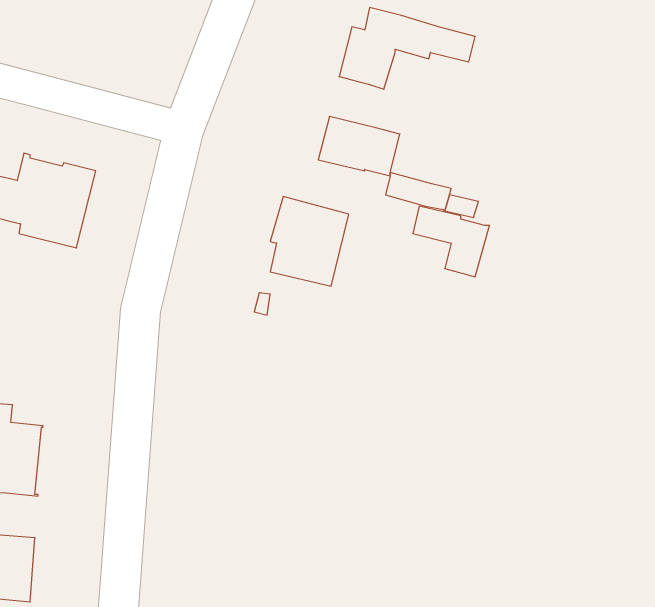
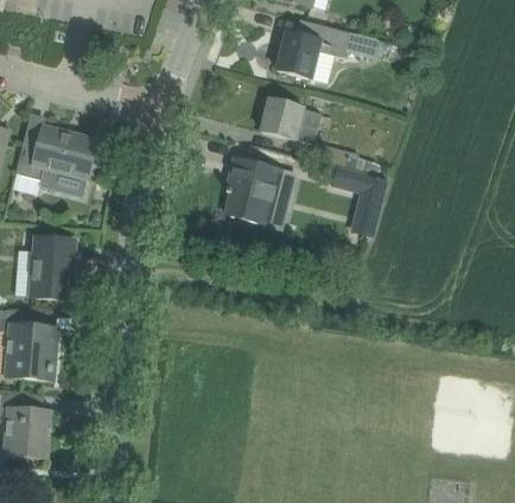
building: none -> [32,238,74,300]

